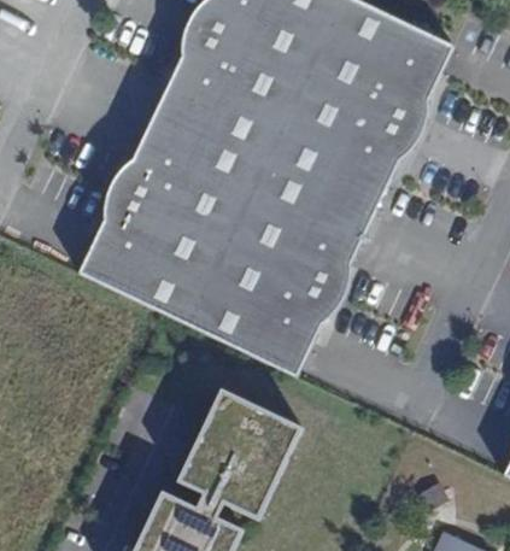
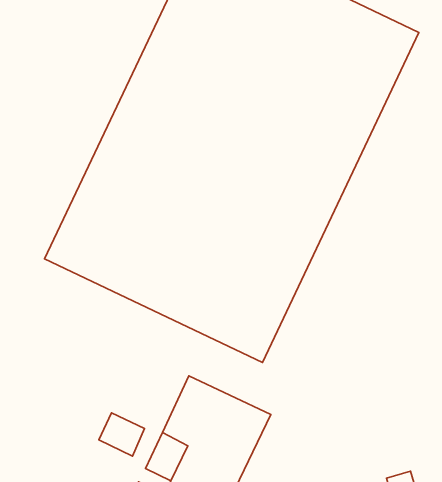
building: none -> [99,413,144,456]

